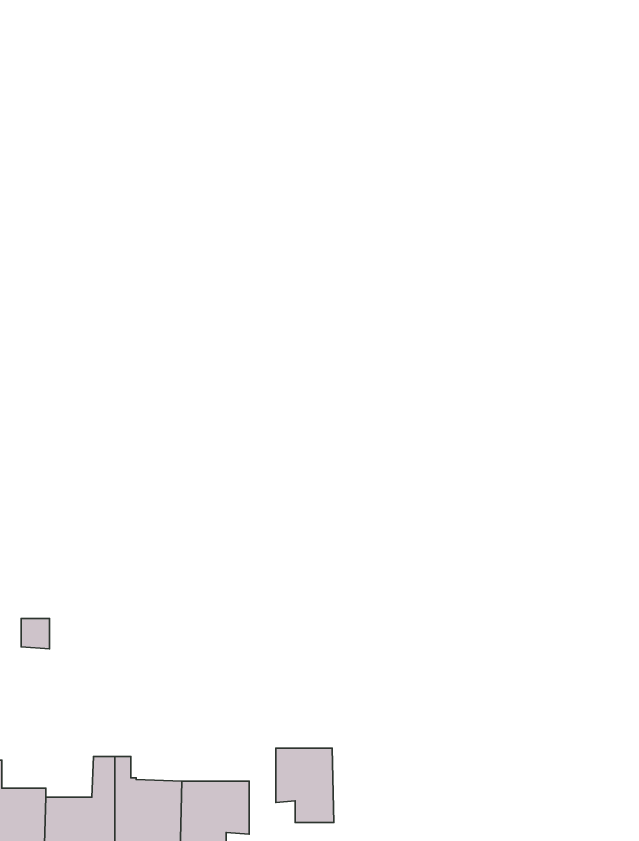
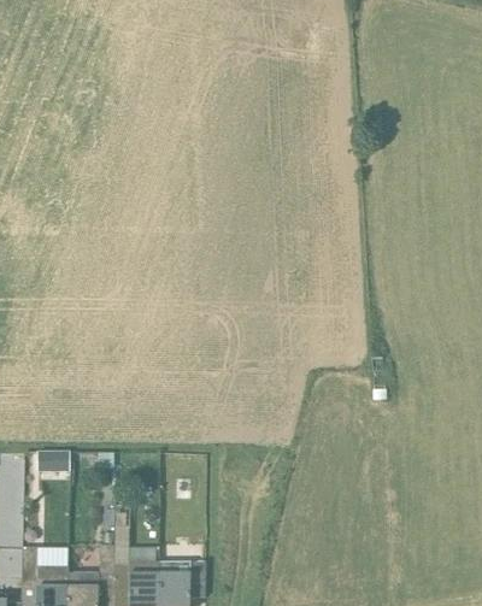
building: [276,748,334,823] -> none

